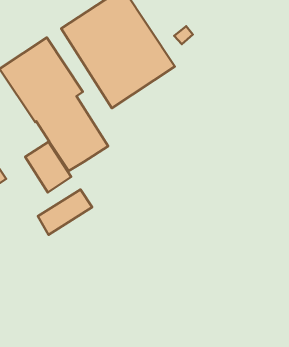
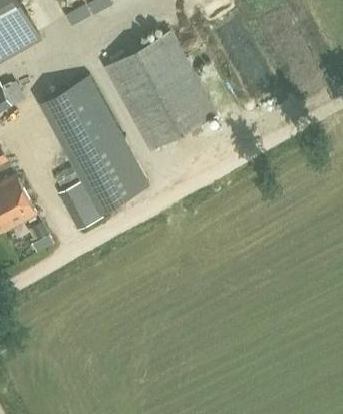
building: [38,190,92,235] -> none

